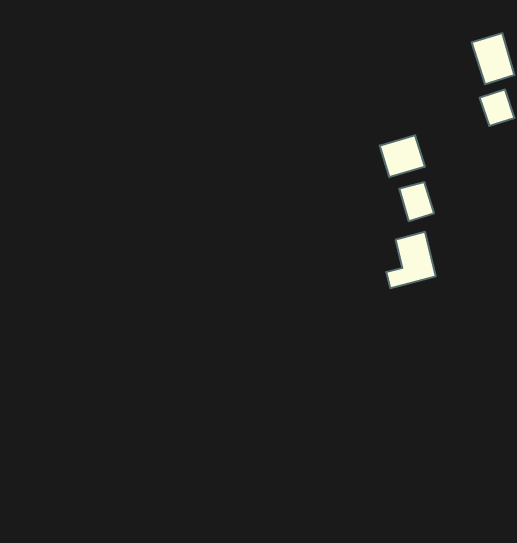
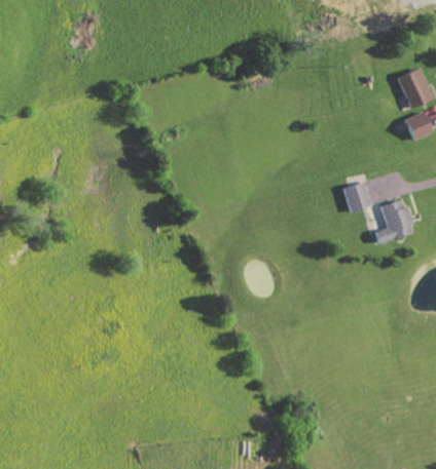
building: [380,135,425,177] -> none
building: [386,232,436,288] -> [375,199,413,242]

